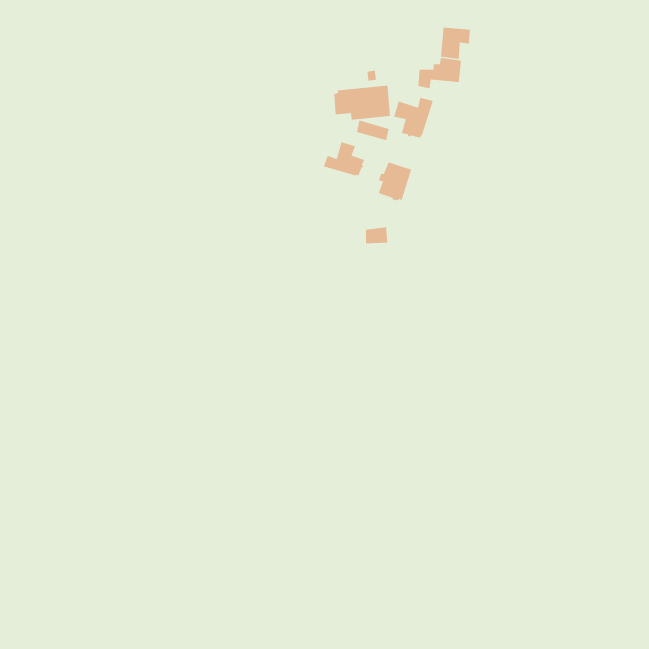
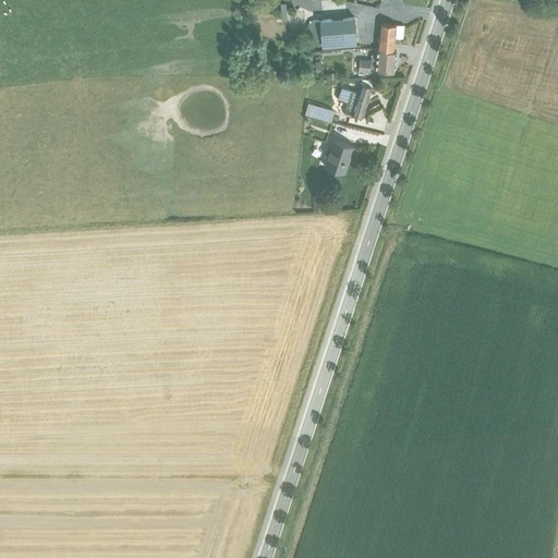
building: [334,85,391,120] -> [307,17,356,48]
building: [323,141,365,177] -> none

